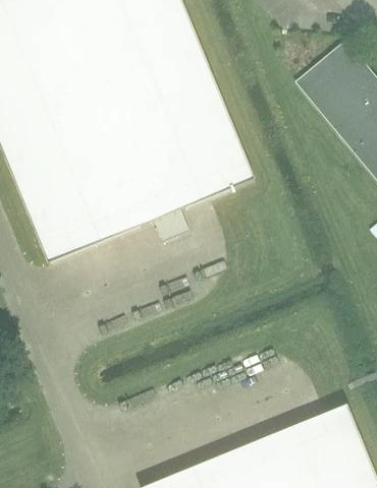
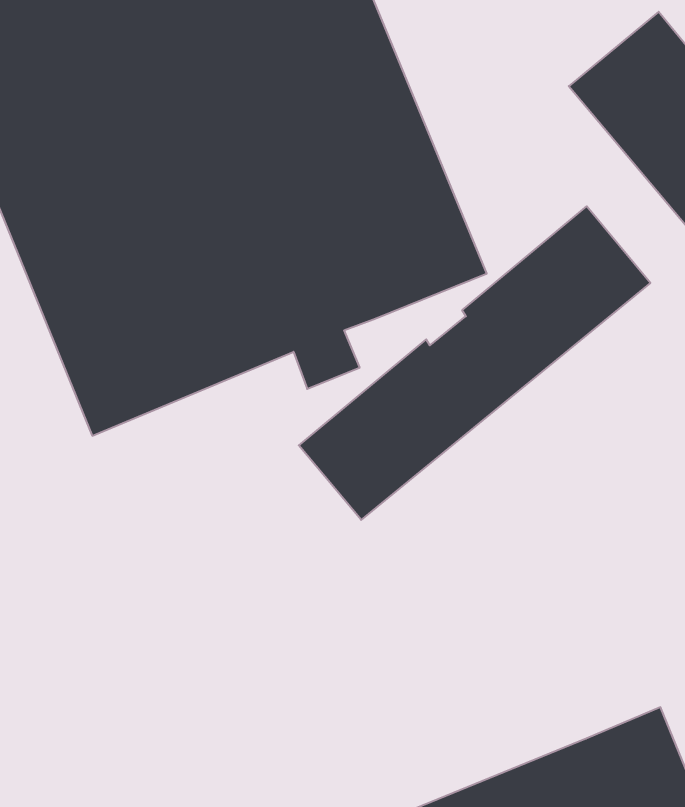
building: none -> [299,206,650,520]

